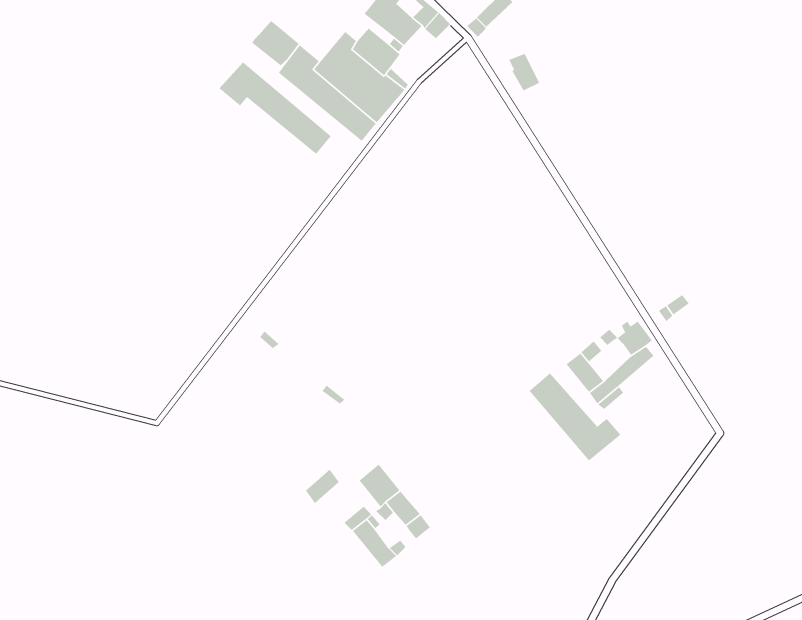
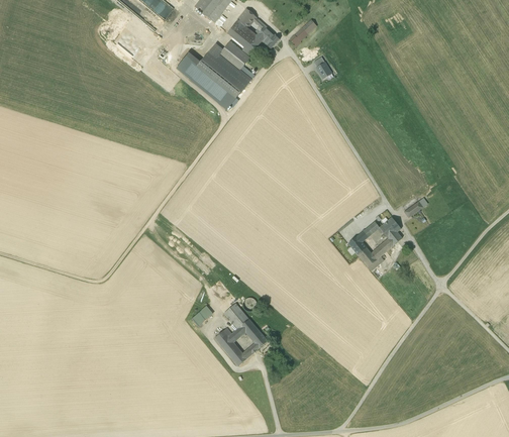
building: [251,20,300,66] -> none
building: [218,61,332,155] -> none
building: [528,373,621,461] -> none

